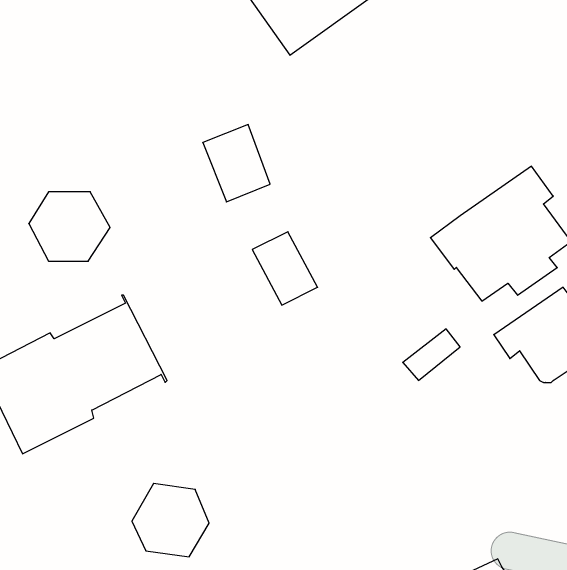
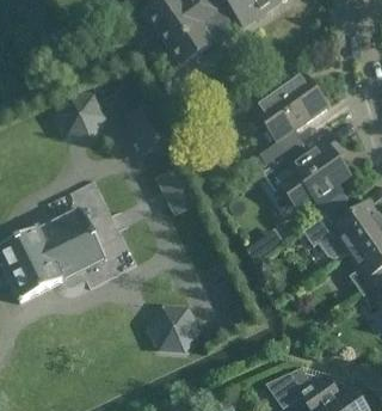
building: none -> [254,72,328,167]
building: [29,192,110,261] -> [56,94,105,136]
building: [132,483,209,557] -> [150,306,197,350]

